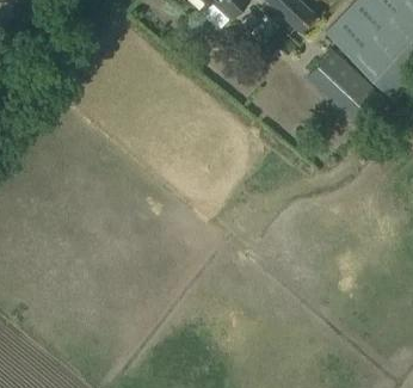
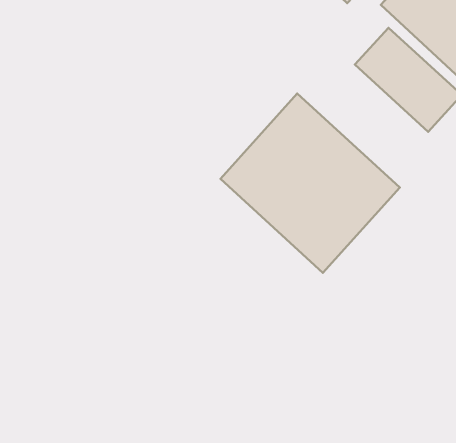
building: none -> [220,94,400,273]

